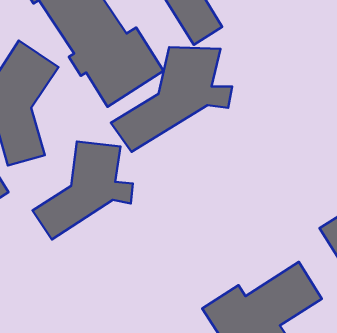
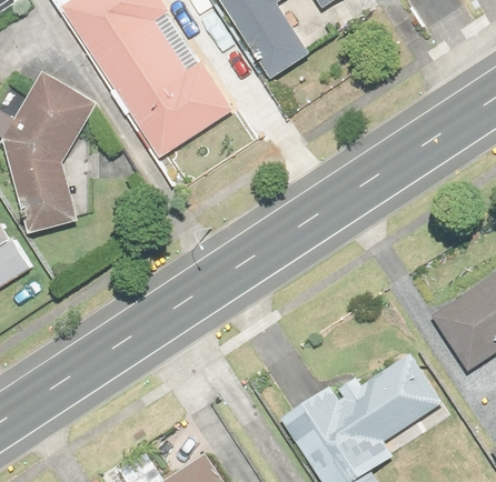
building: [111,47,232,152] -> none
building: [32,142,133,239] -> none

